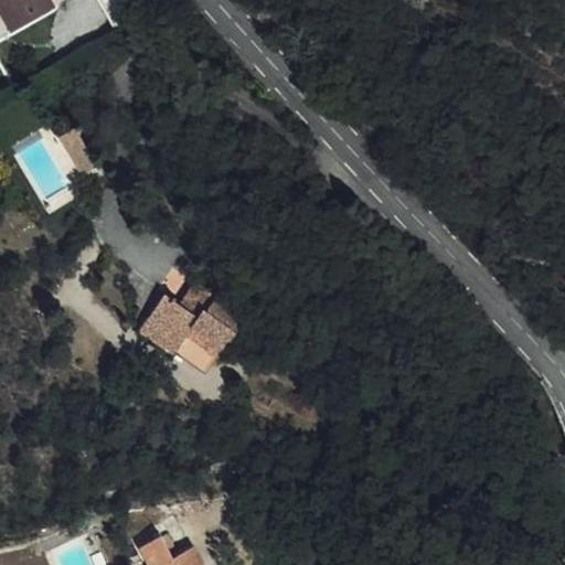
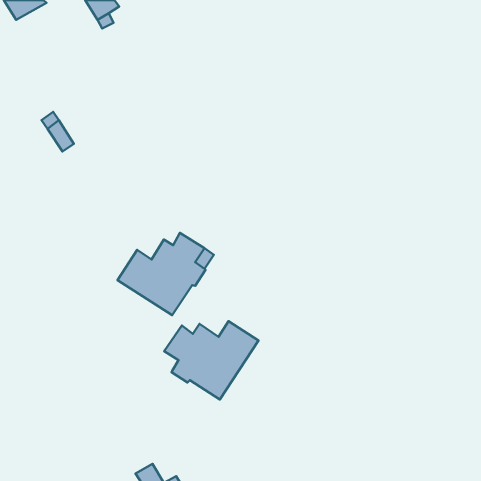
building: none -> [164,321,259,400]

